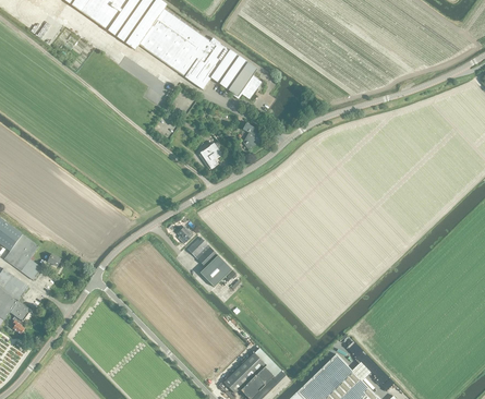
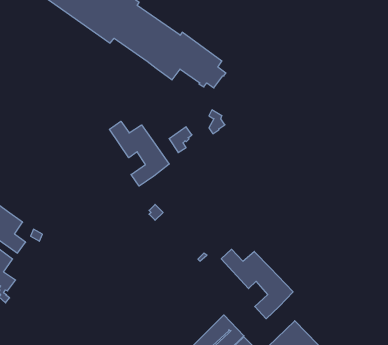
building: none -> [109,121,169,186]
building: [186,237,231,287] -> none
building: none -> [221,249,293,319]

